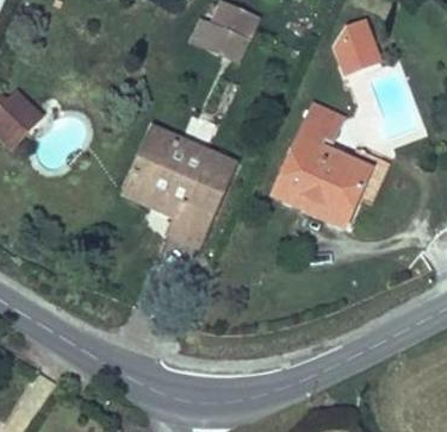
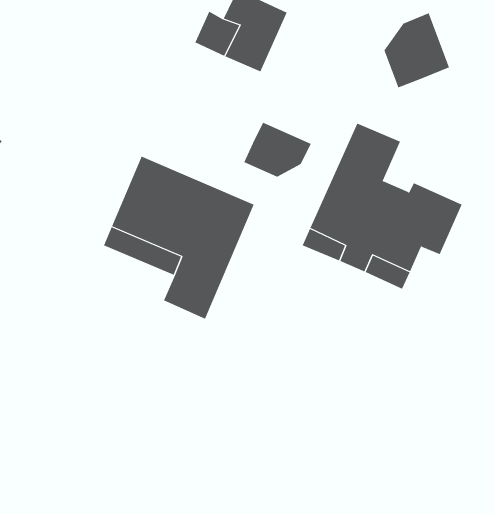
building: none -> [244,122,312,178]

